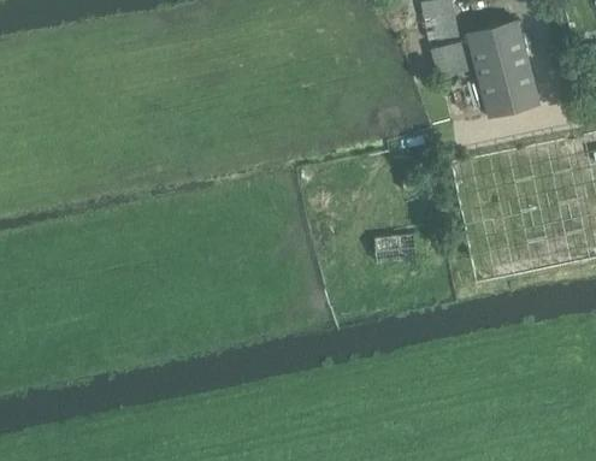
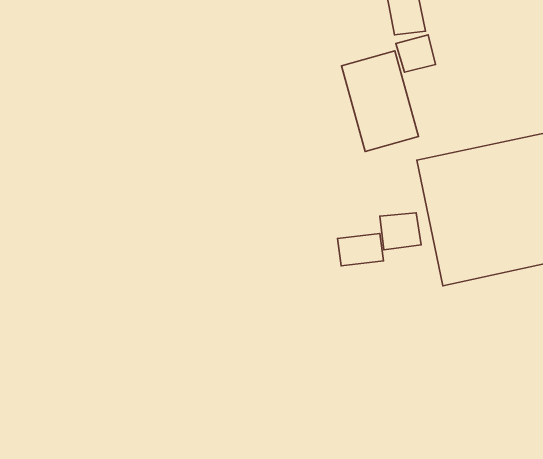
building: [467,18,542,116] -> [341,51,418,151]
building: none -> [380,213,421,250]

